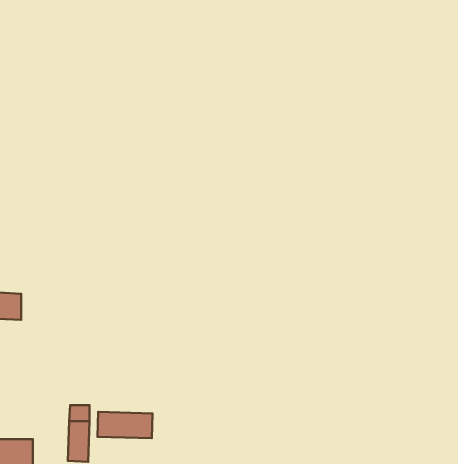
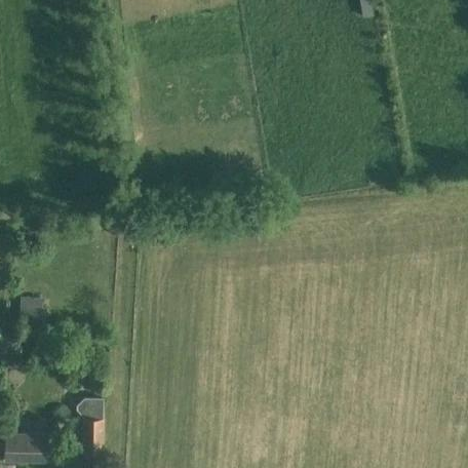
building: [97,412,152,438] -> none

